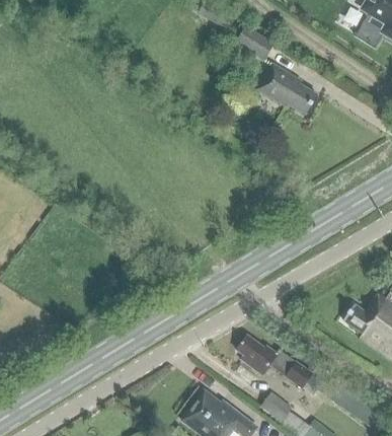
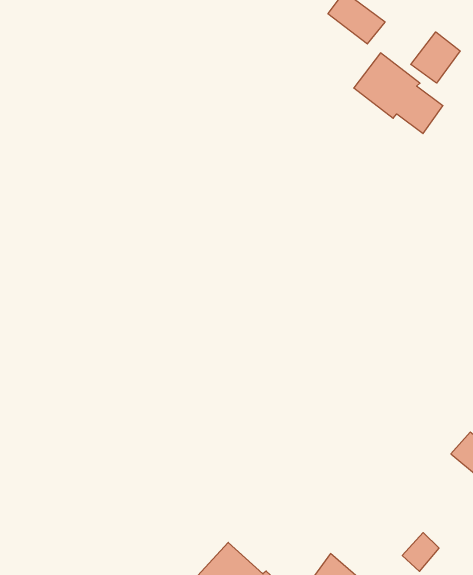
building: none -> [411,32,460,83]
building: [236,335,311,388] -> none

